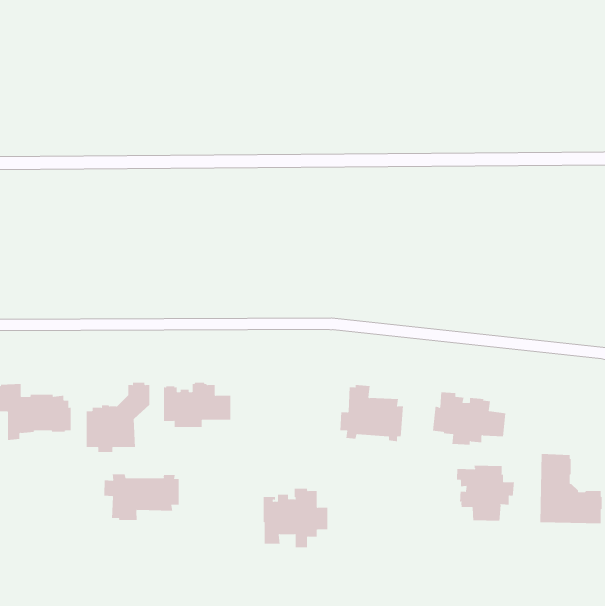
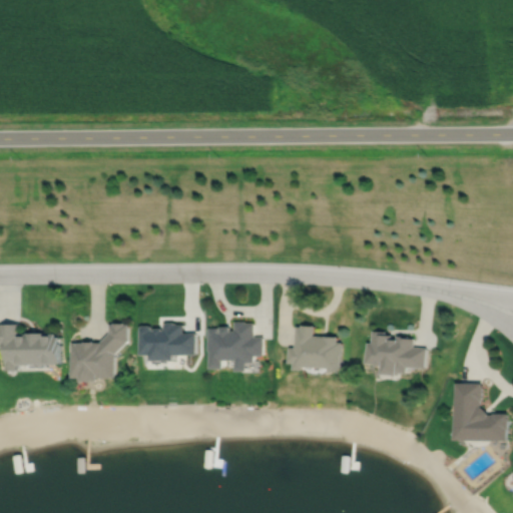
building: [456,465,514,521] -> none
building: [104,473,179,521] -> none
building: [263,488,328,548] -> [205,323,261,373]

